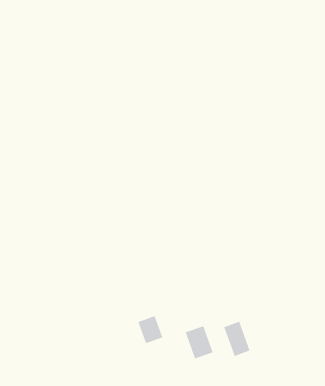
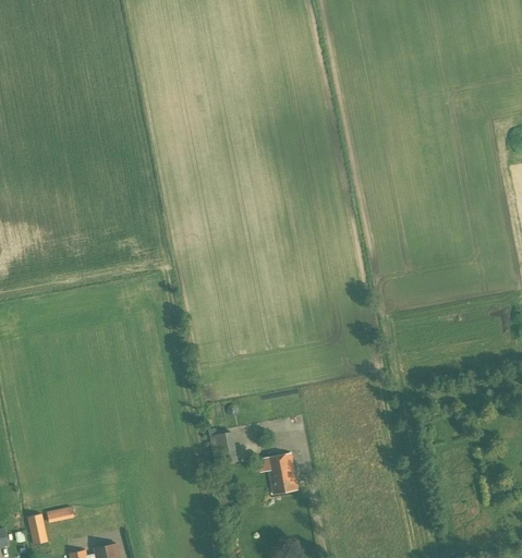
building: [224,321,250,357] -> none

